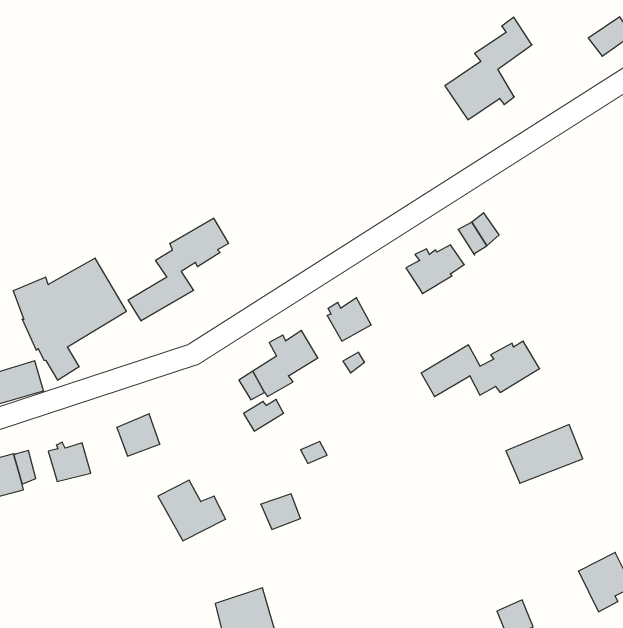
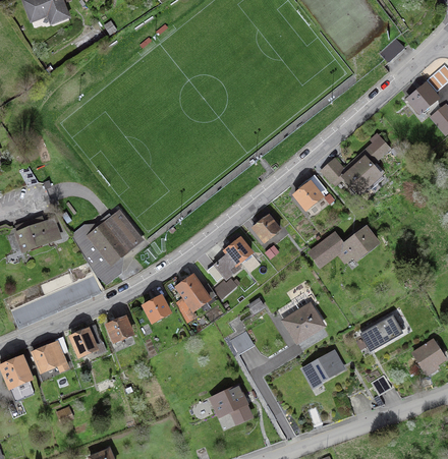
building: [445,17,532,120] -> [343,132,389,193]
building: [128,218,228,321] -> none
building: [506,425,583,483] -> [359,313,403,350]
building: none -> [284,304,322,340]
building: [158,480,226,541] -> [176,275,216,309]
building: none -> [303,349,337,387]

